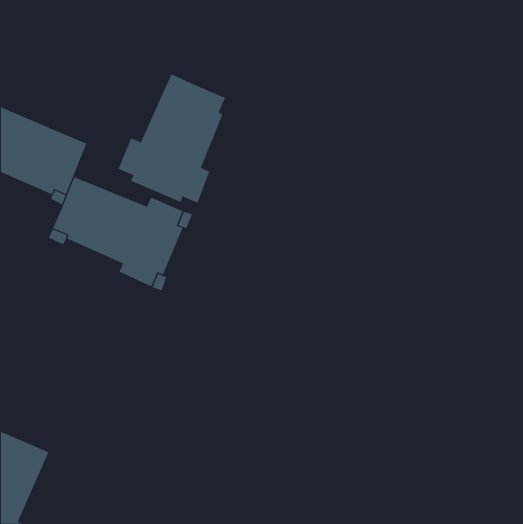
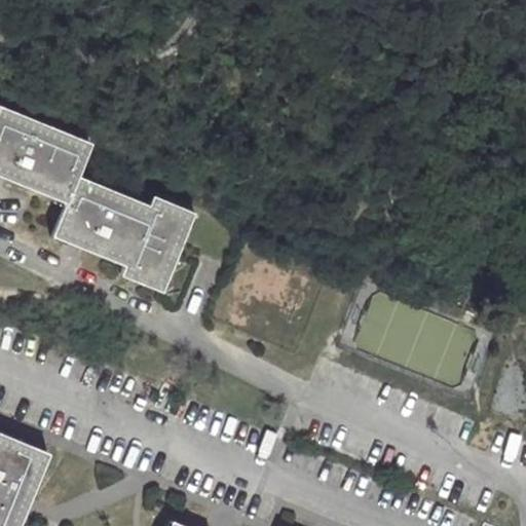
building: [118,73,226,204] -> none

